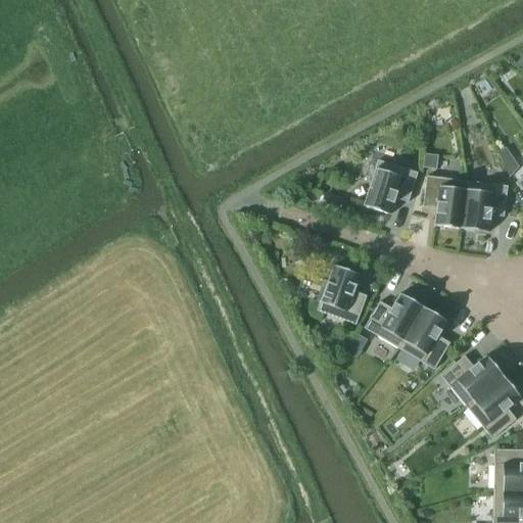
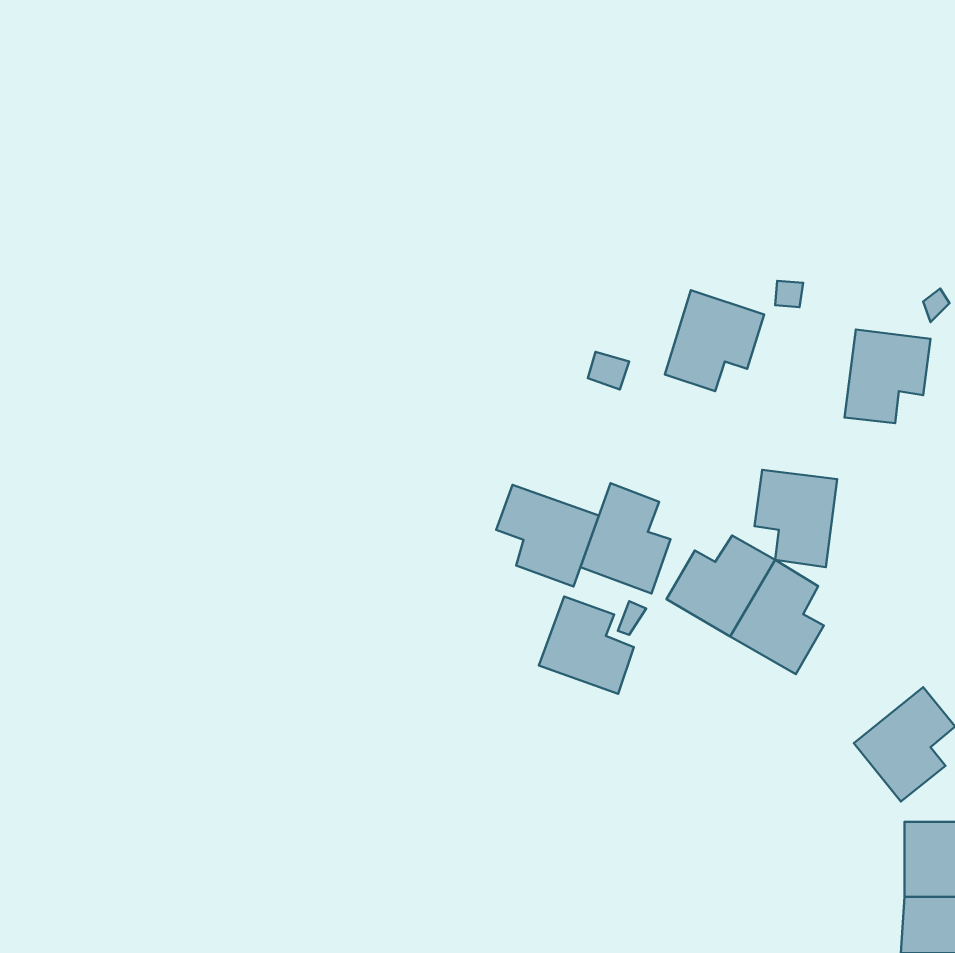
building: [423,175,468,228] -> [755,470,837,567]
building: none -> [496,485,599,587]
building: none -> [539,596,634,694]
building: [441,353,505,406] -> none

